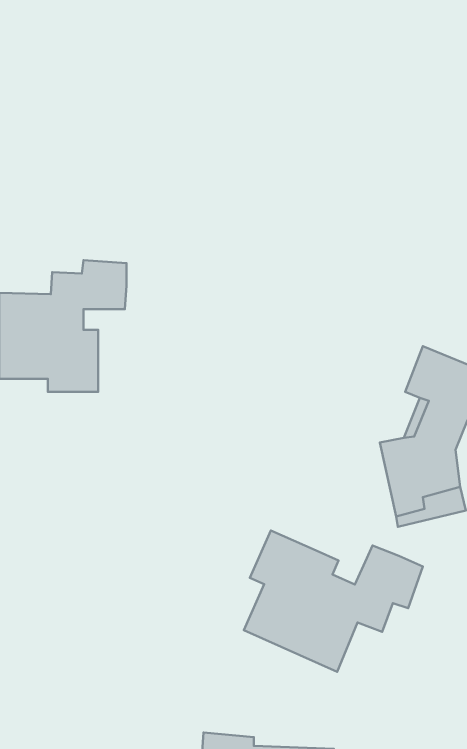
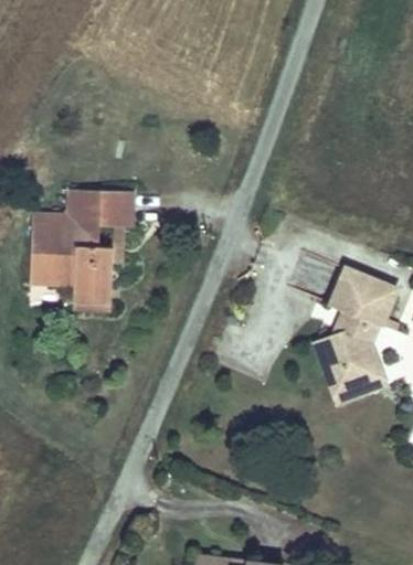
building: [244,531,423,672] -> none

